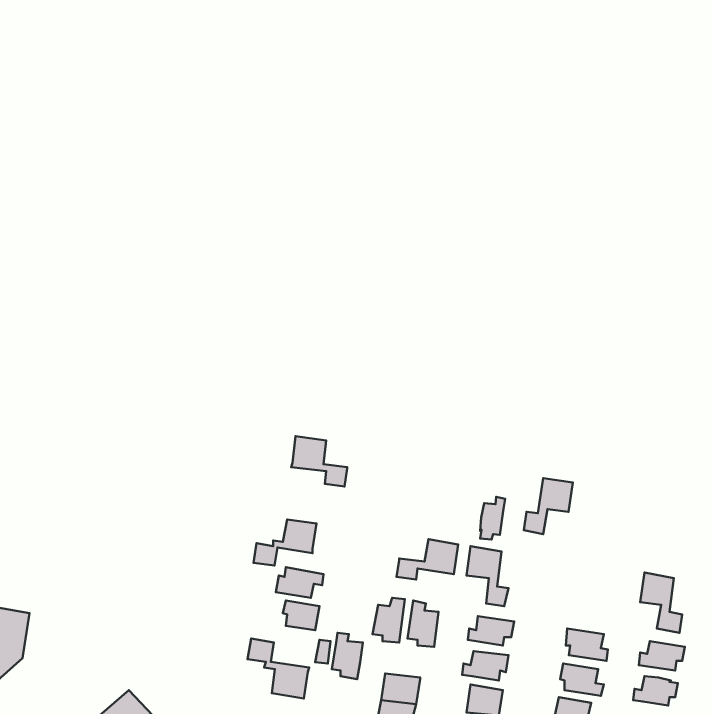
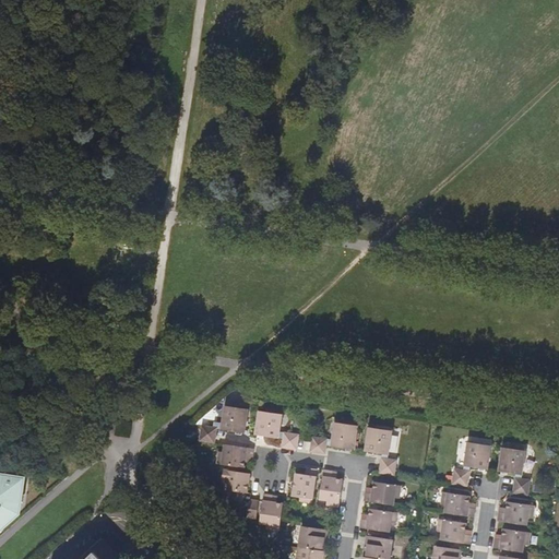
building: [291,436,347,487] -> [254,411,298,450]
building: [524,478,573,534] -> [452,442,490,486]
building: [480,497,505,540] -> none
building: [248,638,309,699] -> none

